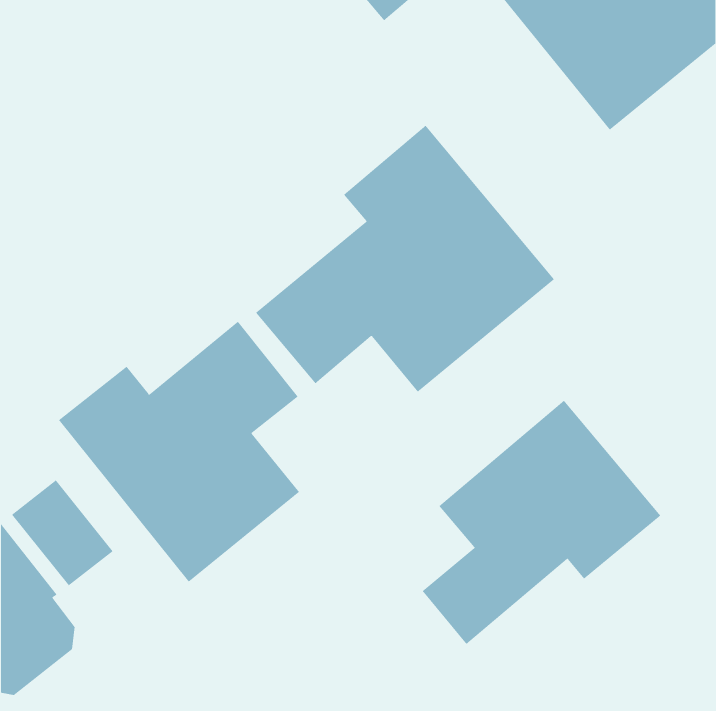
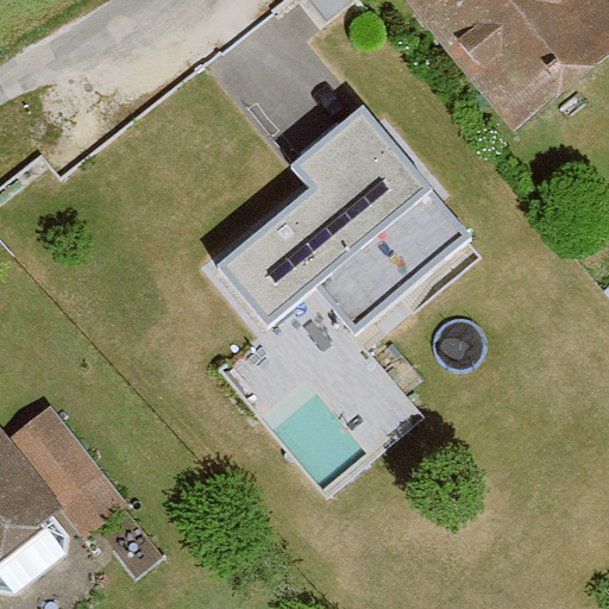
building: [58,321,300,583] -> none
building: [422,400,661,645] -> none

